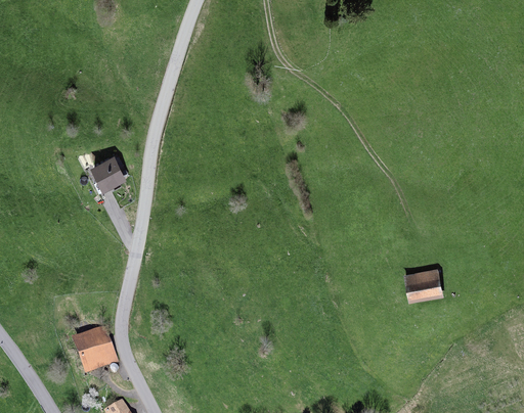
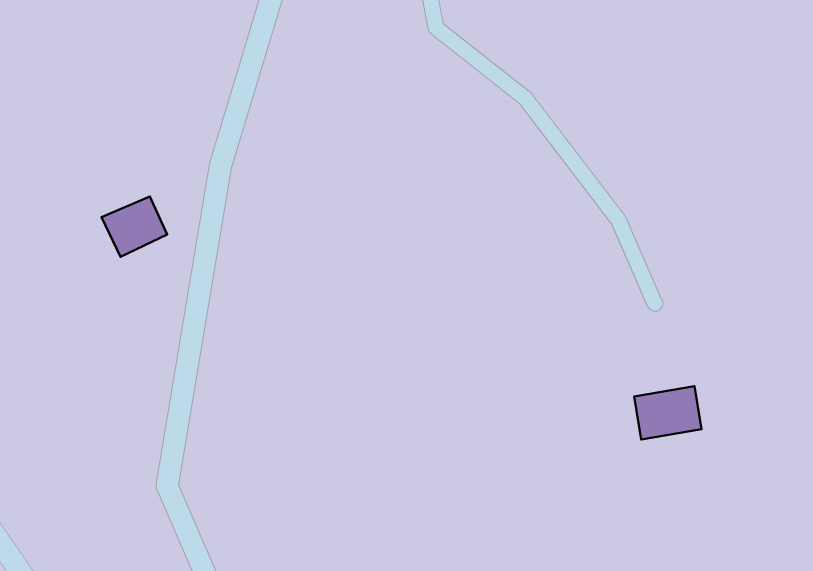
building: [79,332,118,367] -> none

